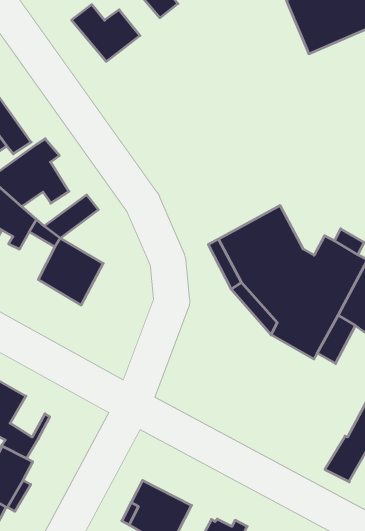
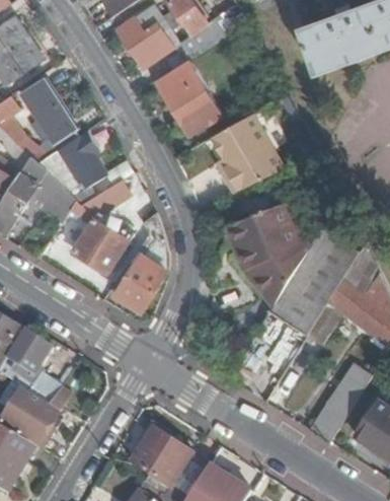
building: none -> [156,59,221,135]
building: none -> [217,116,284,191]
building: none -> [112,213,164,312]

